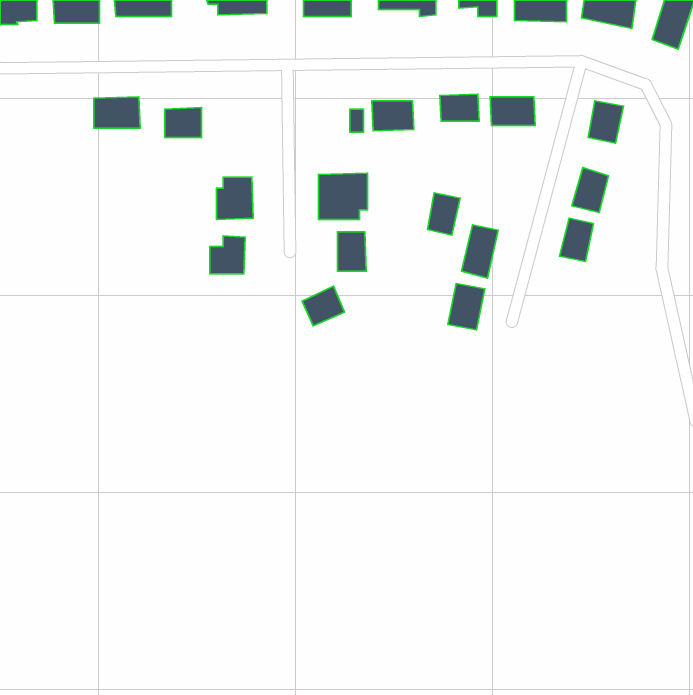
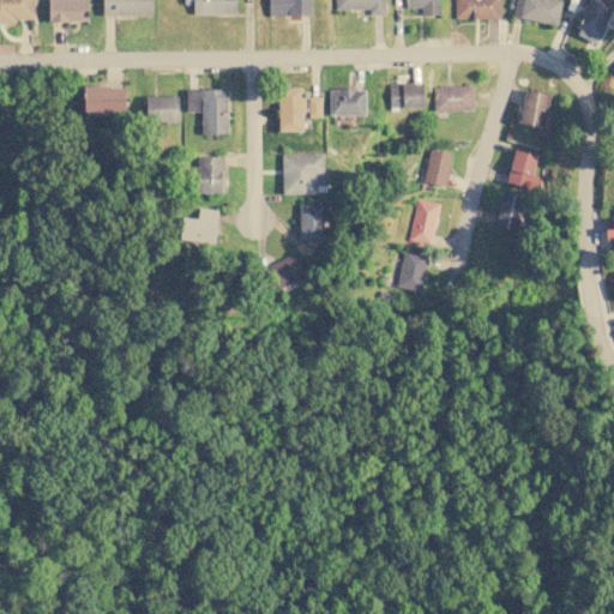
building: none -> [279,88,305,132]
building: none -> [187,89,229,134]
building: [427,193,460,235] -> [425,150,453,187]

